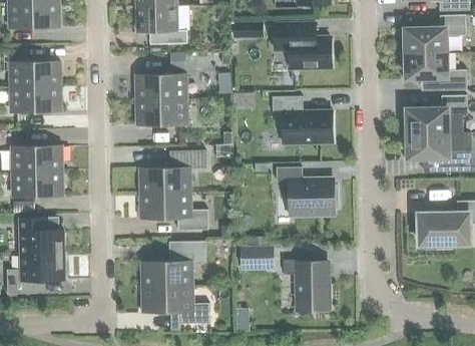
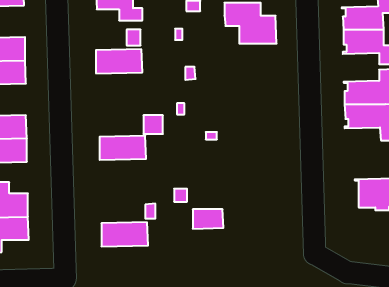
building: [272,96,333,144] -> none
building: [136,99,186,125] -> none
building: [276,167,337,215] -> none
building: [140,193,208,230] -> none
building: [284,260,328,311] -> none
building: [142,286,209,324] -> none

